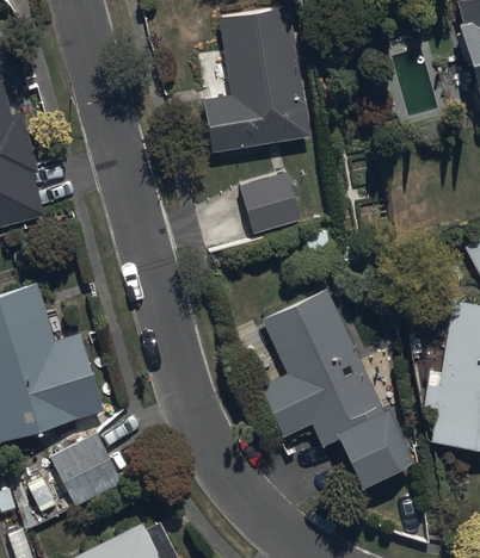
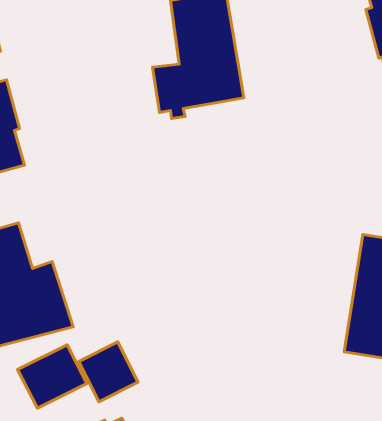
building: [239,173,299,234] -> none
building: [260,290,413,489] -> none
building: none -> [79,342,138,402]

